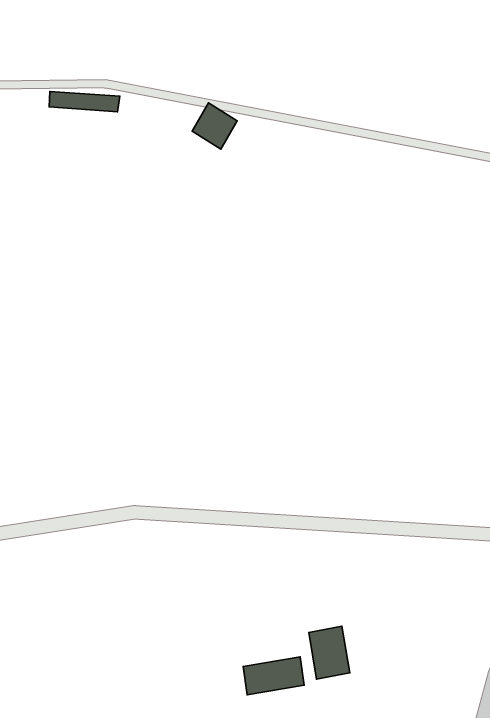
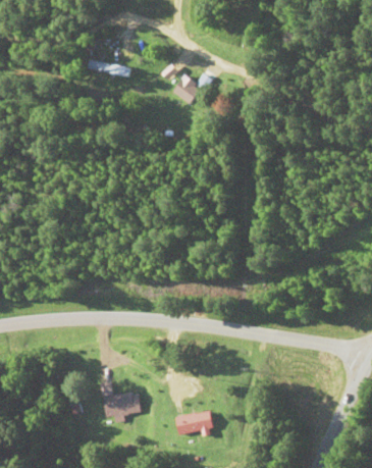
building: none -> [99,382,140,417]
building: [309,626,350,679] -> none

